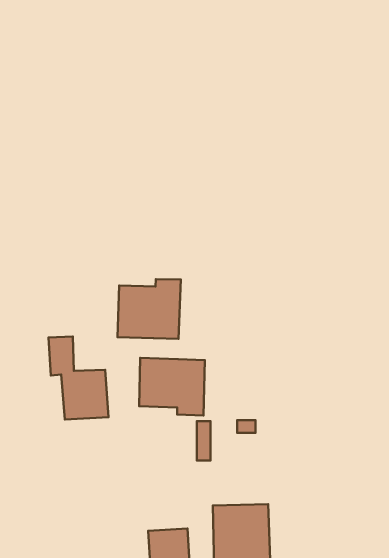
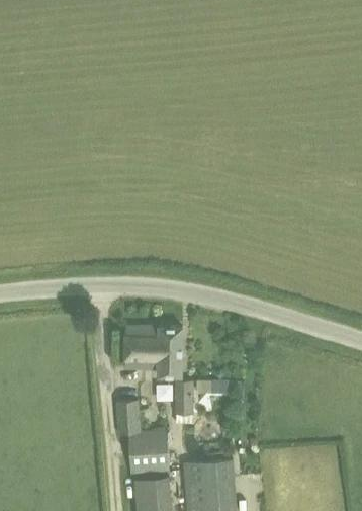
building: [117,279,181,339] -> none
building: [49,336,109,419] -> [115,401,168,474]

